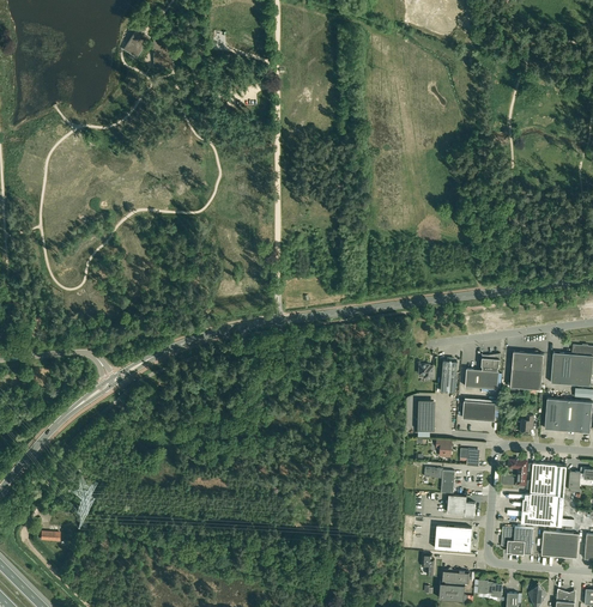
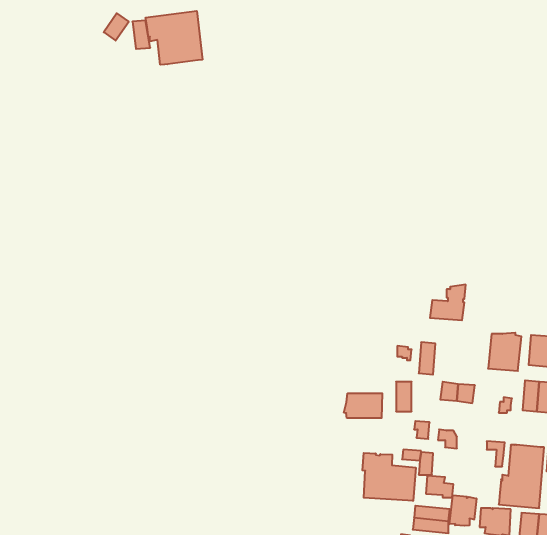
building: none -> [146,11,202,65]
building: [465,353,501,389] -> [430,285,466,320]
building: none -> [344,393,382,418]
building: none -> [362,453,416,501]
building: none -> [449,495,476,526]

